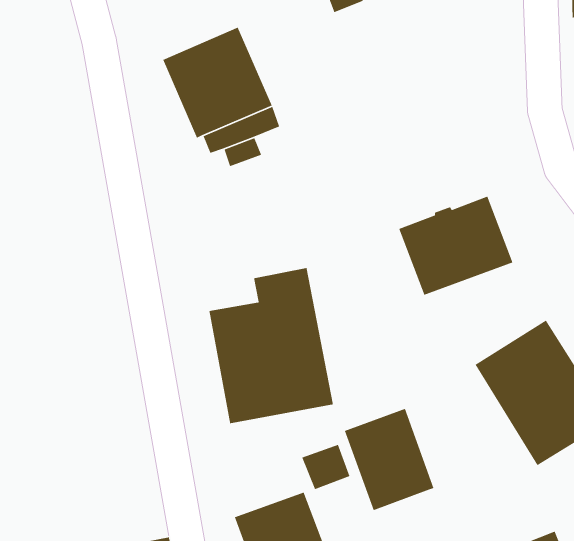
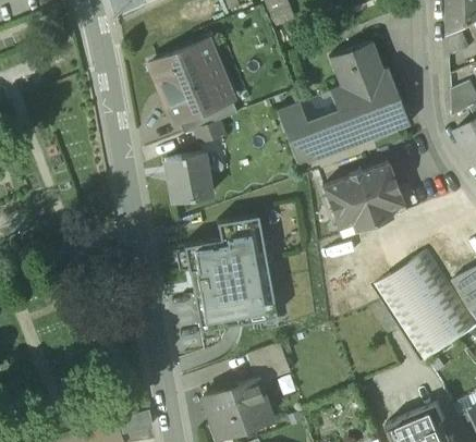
building: none -> [276,40,398,165]
building: none -> [164,149,211,200]
building: [344,408,435,511] -> none

